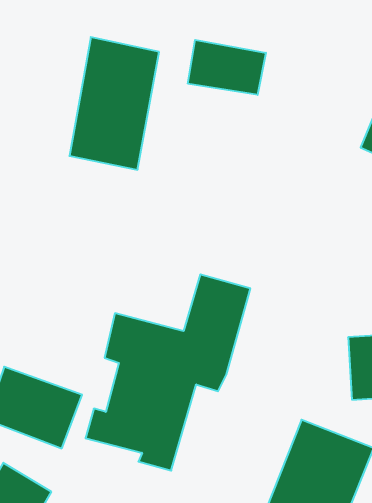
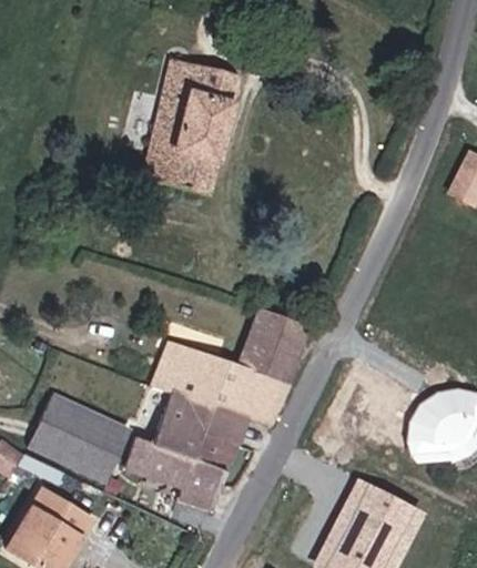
building: [188,40,266,95] -> none

